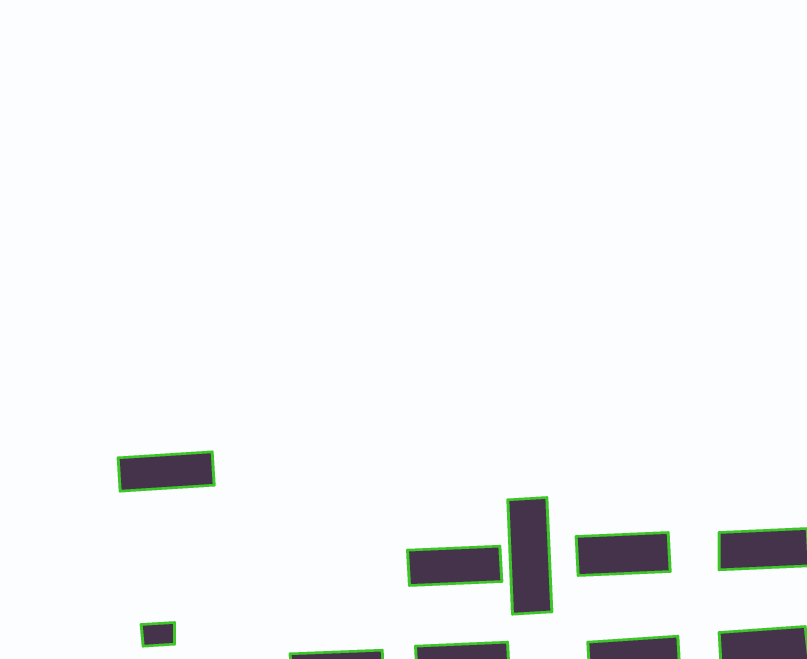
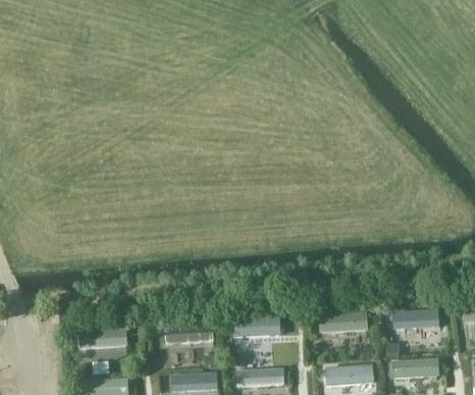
building: [118,452,214,491] -> [76,329,126,349]
building: [508,498,552,614] -> none
building: none -> [165,324,213,343]

